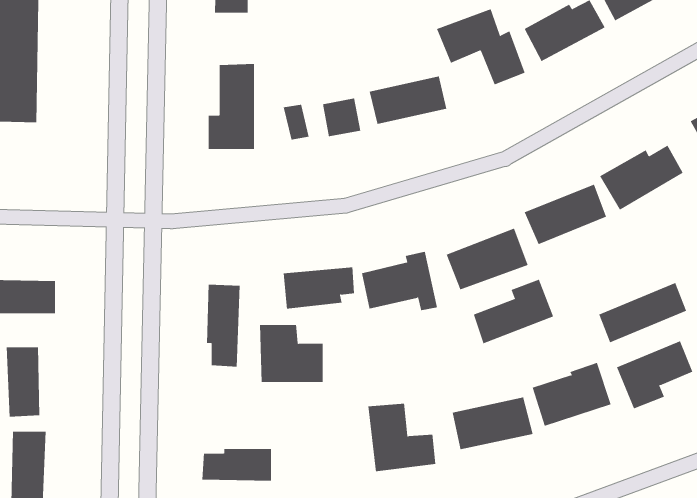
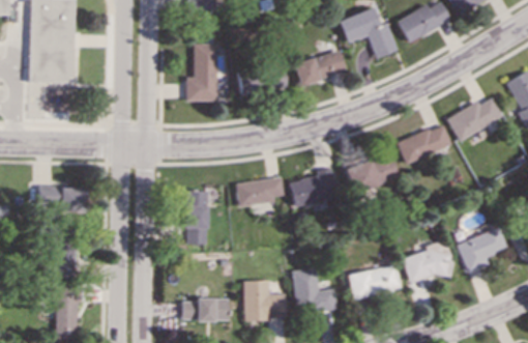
building: [473,279,554,344] -> none
building: [599,282,687,343] -> none
building: [259,325,323,382] -> [244,281,287,319]

